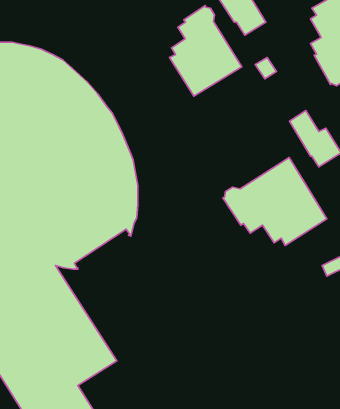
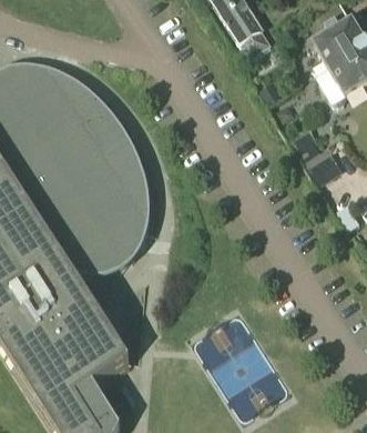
building: [170,6,242,96] -> none
building: [223,158,327,246] -> none

